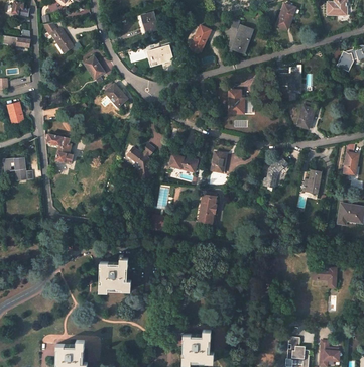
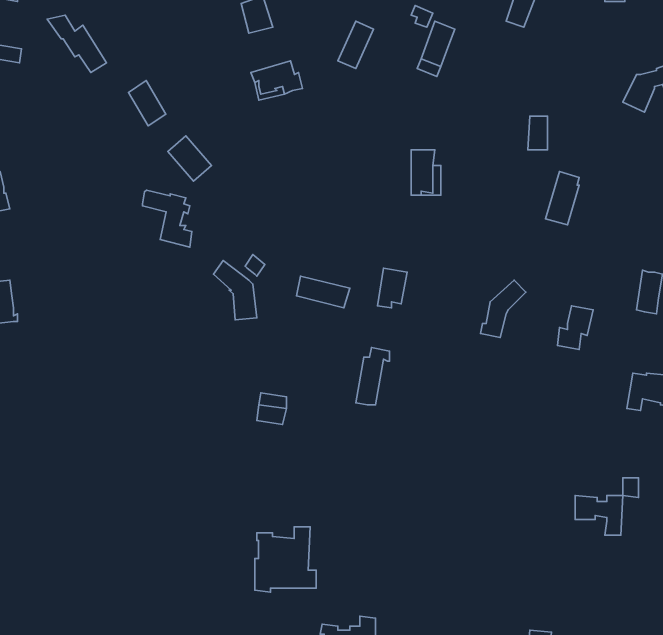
building: [47,134,73,163] -> [142,190,192,247]
building: [100,258,131,291] -> [255,527,316,592]

